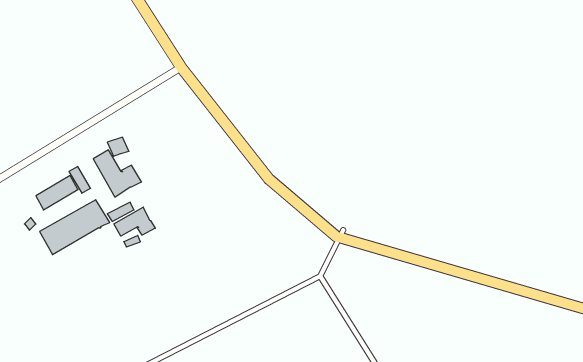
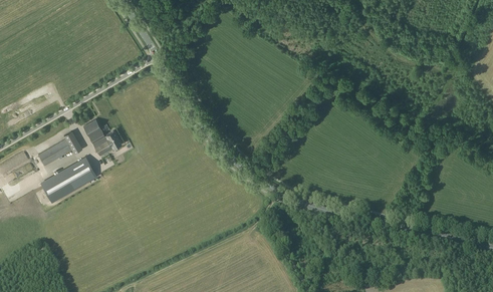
building: [114,207,155,236] -> none

